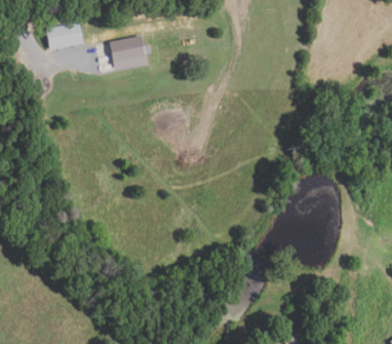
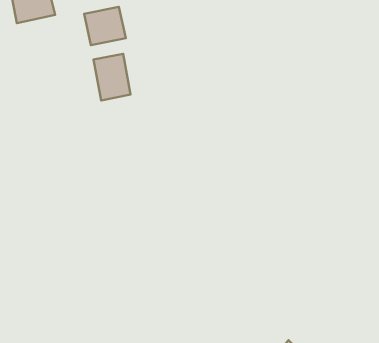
building: none -> [94,54,131,100]

